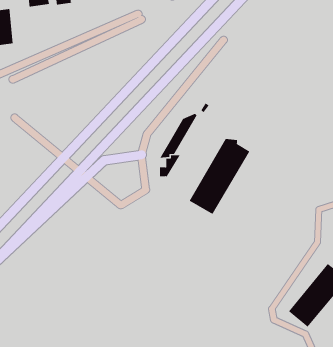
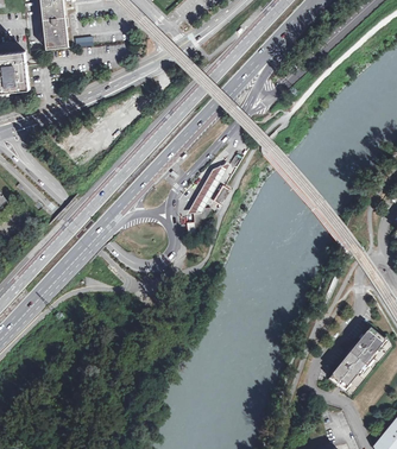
building: [189,138,250,215] -> none

